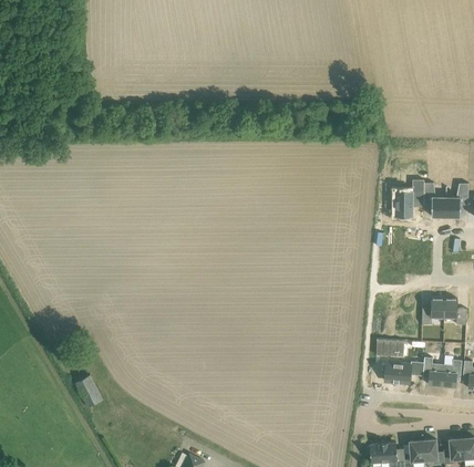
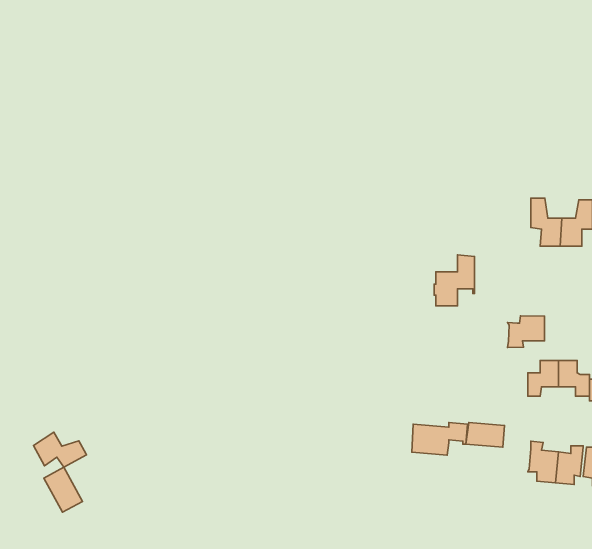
building: [394,179,423,216] -> [434,255,475,306]
building: none -> [508,316,545,347]
building: none -> [33,432,87,467]
building: [383,361,423,384] -> [412,423,467,455]

